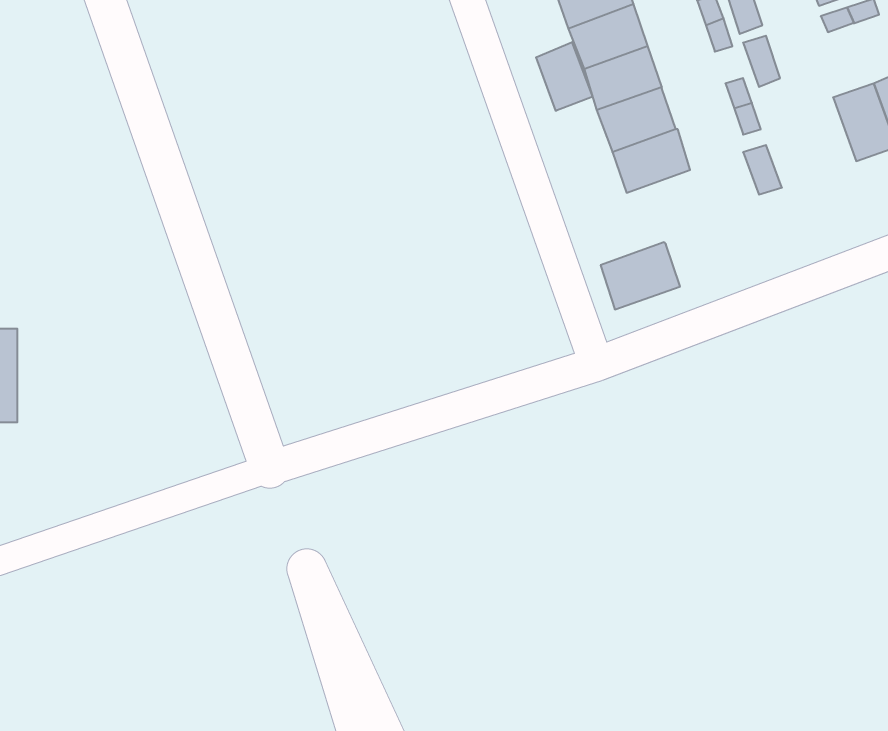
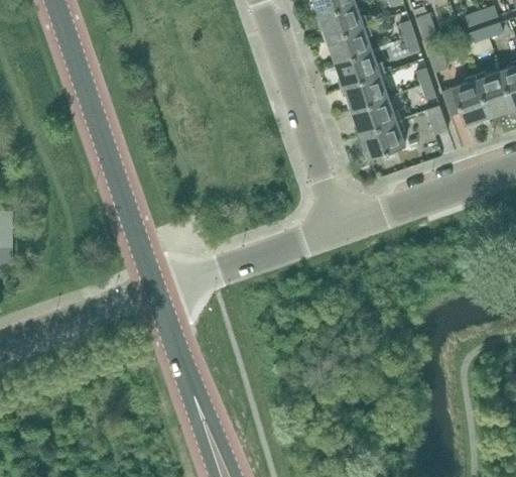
building: [536,42,593,111] -> none
building: none -> [452,79,490,124]
building: [601,242,680,309] -> [359,120,404,158]

